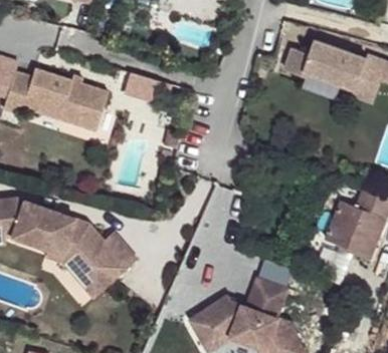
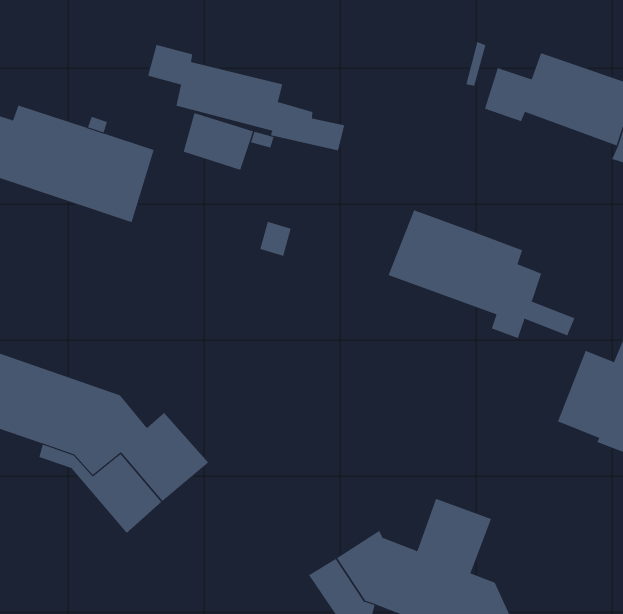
building: none -> [147,44,345,151]
building: none -> [388,209,575,339]

